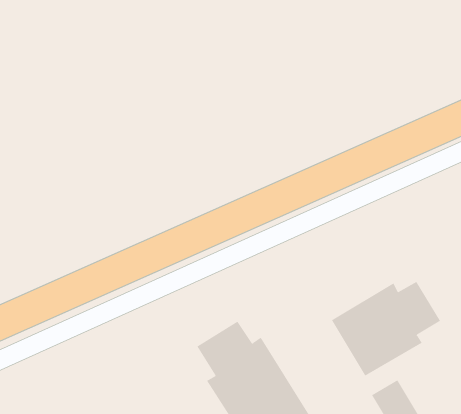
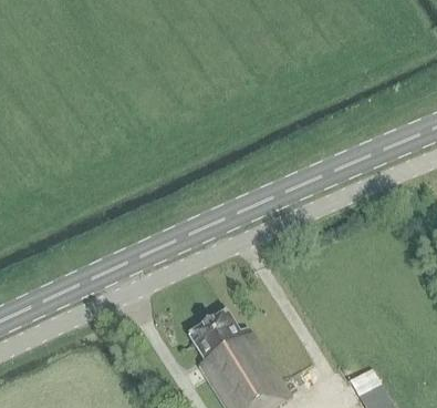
building: [331,281,441,377] -> none

